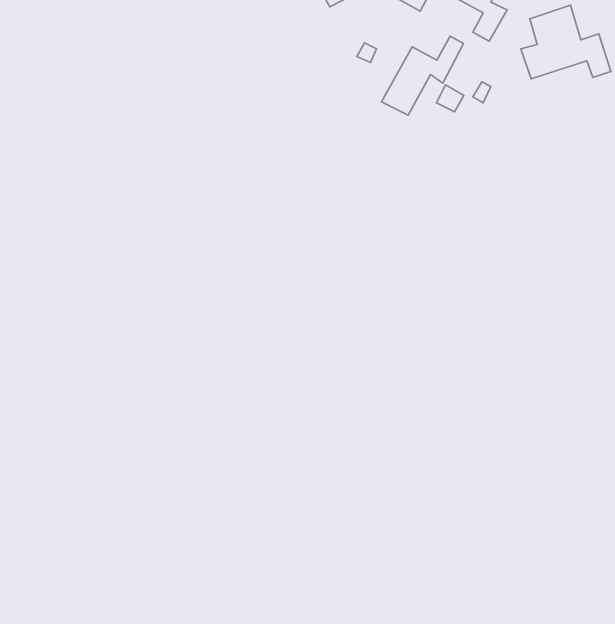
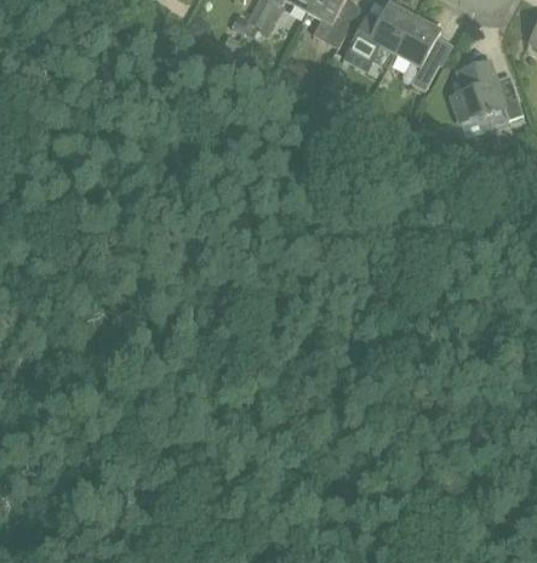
building: [382,36,464,115] -> none

